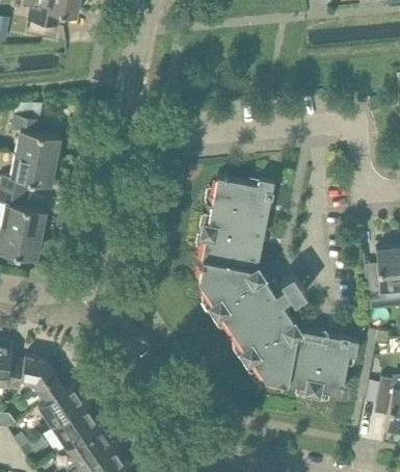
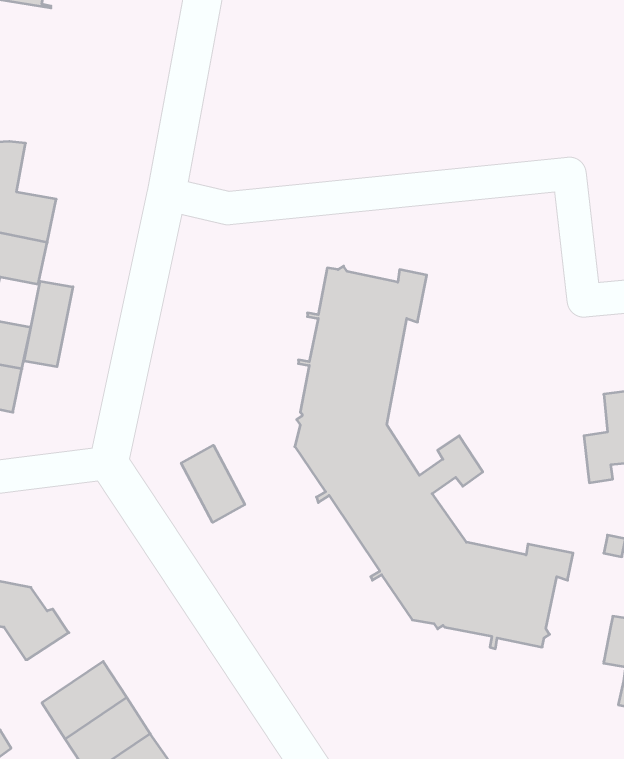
building: none -> [24,281,73,367]
building: none -> [181,445,245,522]
building: [38,384,88,428] -> none

